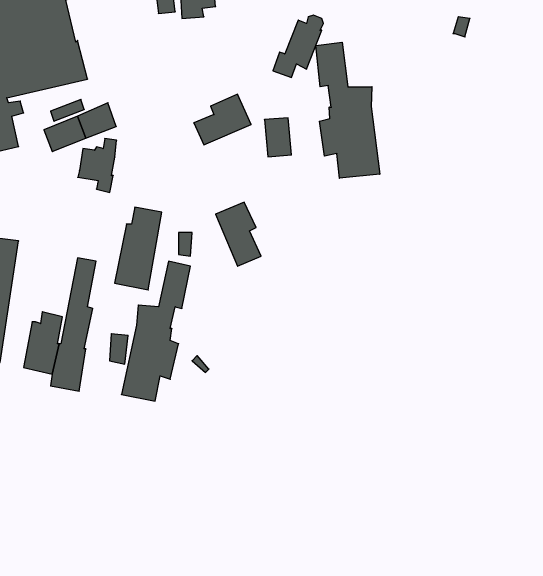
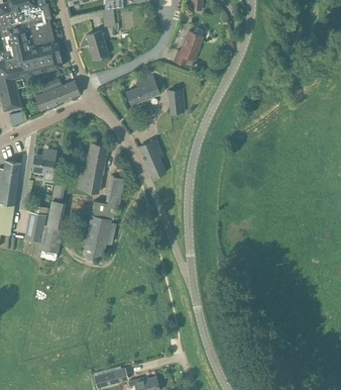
building: none -> [86,30,107,59]
building: [316,42,380,178] -> none
building: [78,139,117,192] -> [31,149,54,181]

